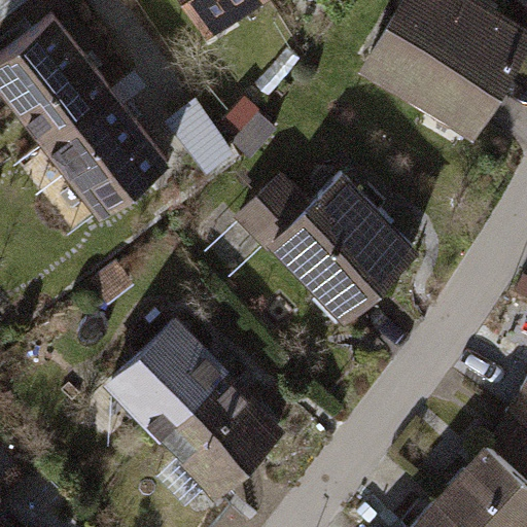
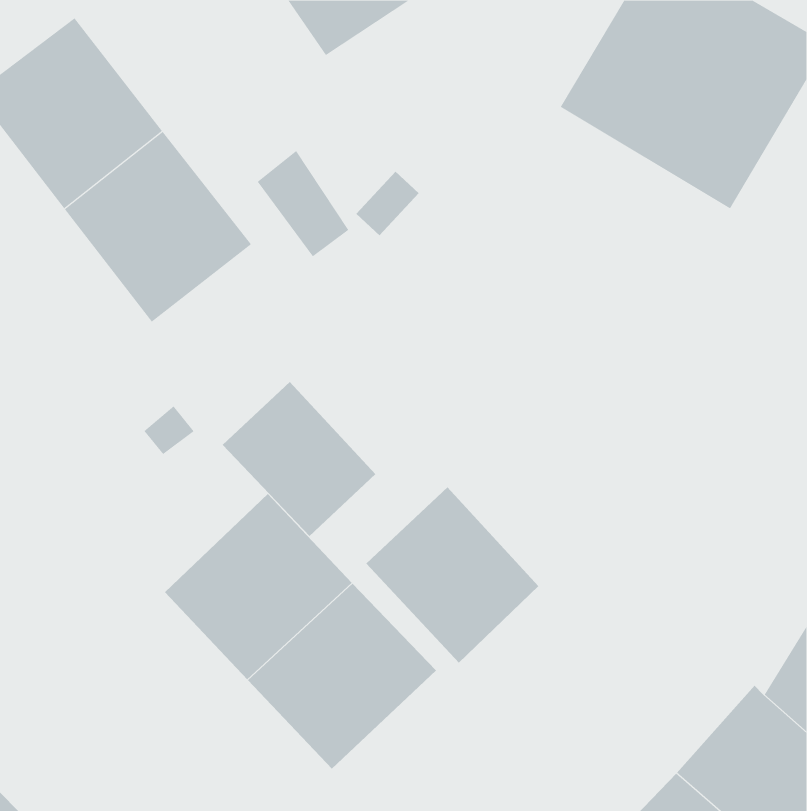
building: [237,174,415,324] -> none
building: none -> [222,381,376,537]
building: none -> [366,487,539,663]

